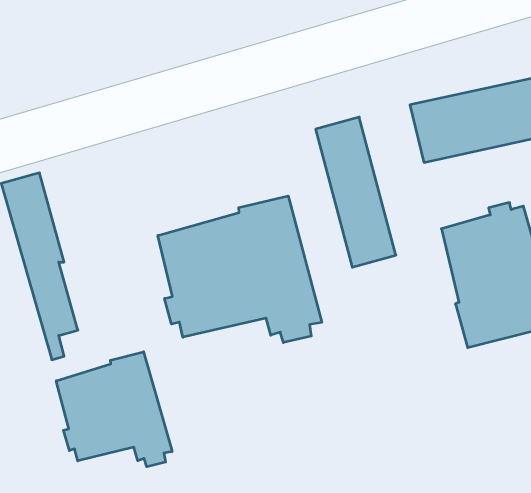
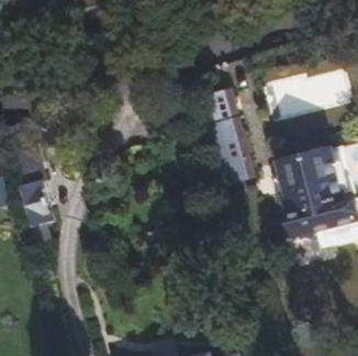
building: [158,196,322,343] -> none
building: [56,352,172,467] -> none

